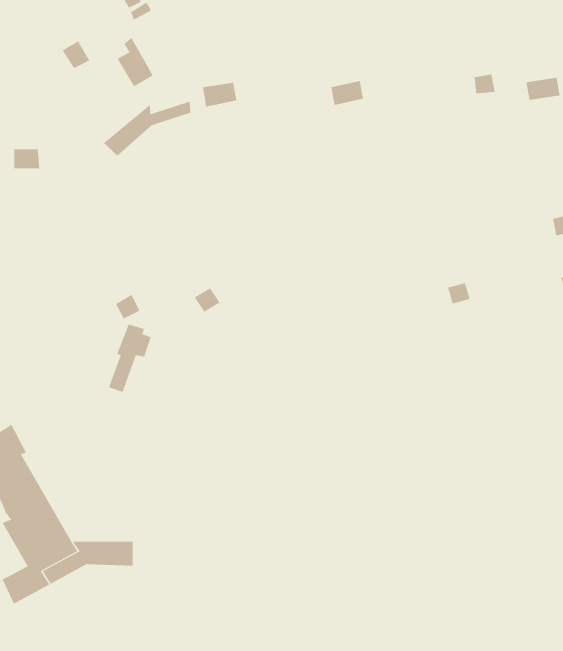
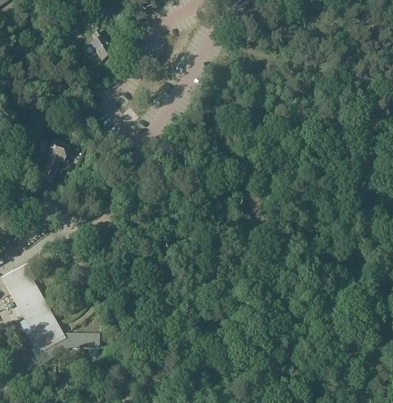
building: [103,101,191,156] -> none
building: [108,324,152,392] -> [42,142,68,183]

